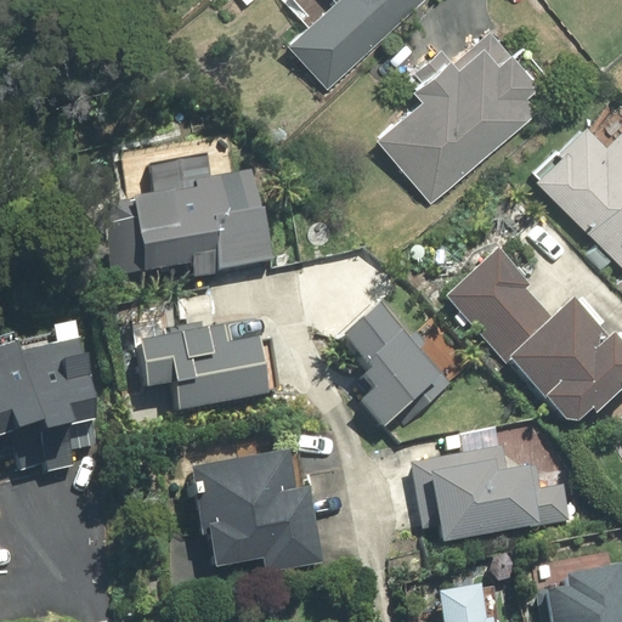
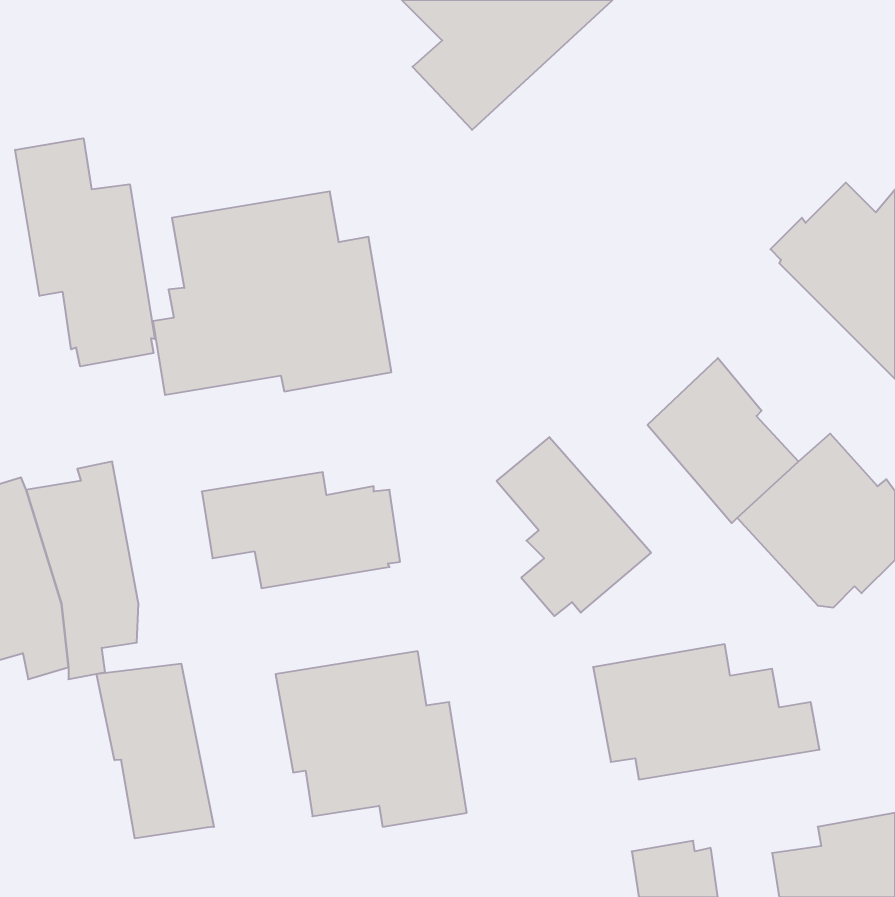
building: [379,29,544,200] -> none
building: none -> [15,138,155,366]
building: none -> [97,664,214,838]

